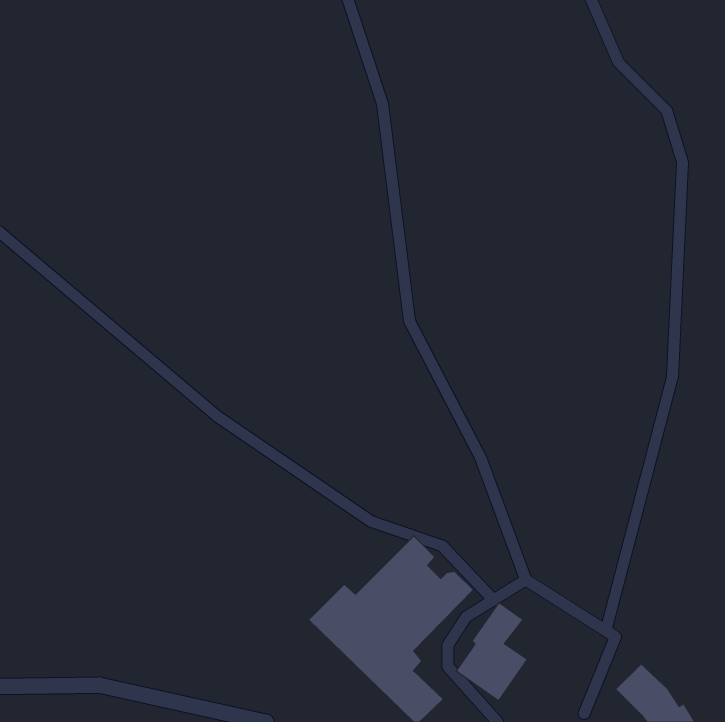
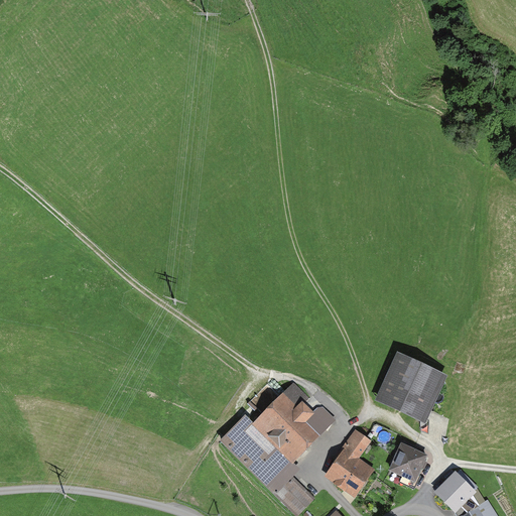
building: none -> [374,351,447,423]
building: none -> [387,441,427,488]

